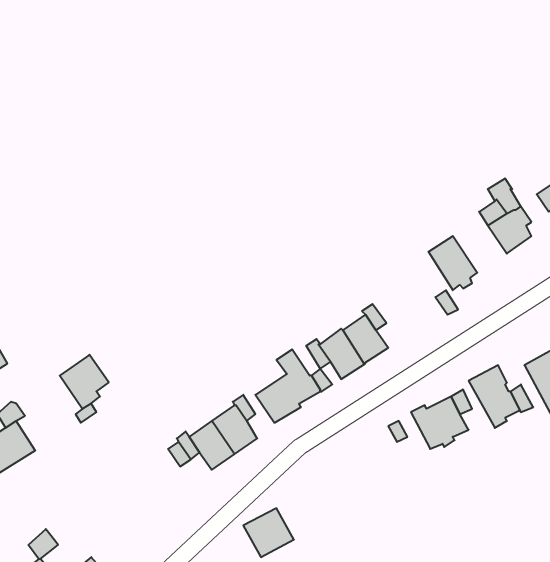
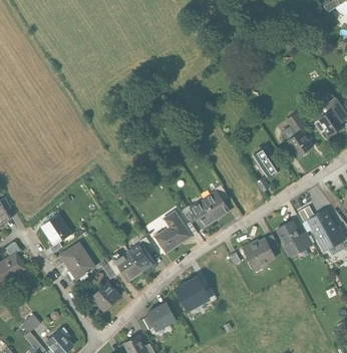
building: none -> [60,243,94,278]
building: none -> [176,276,209,310]
building: none -> [91,282,119,311]

